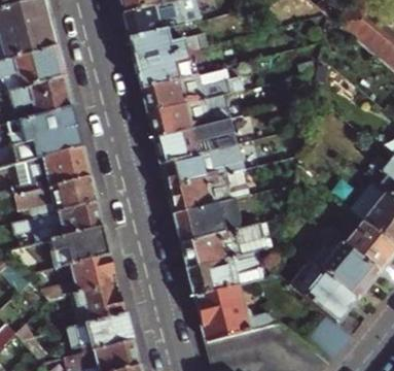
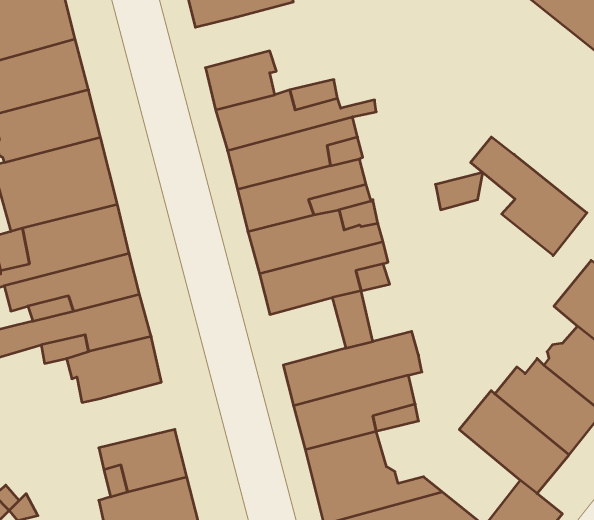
building: [130,32,195,63] -> none
building: none -> [471,137,587,256]
building: [175,203,221,244] -> none
building: [39,255,117,300] -> none

